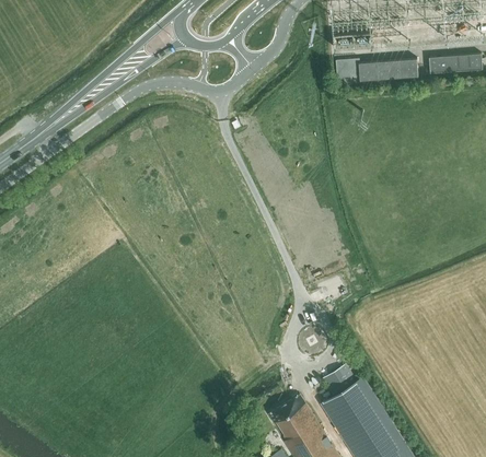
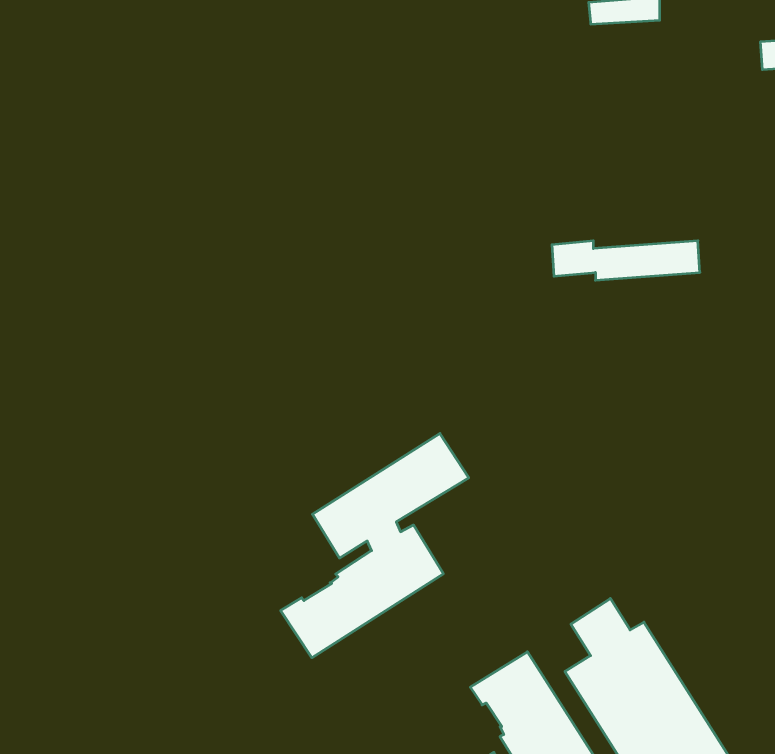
building: [336,58,418,80] -> [552,241,700,280]
building: none -> [281,433,469,658]

